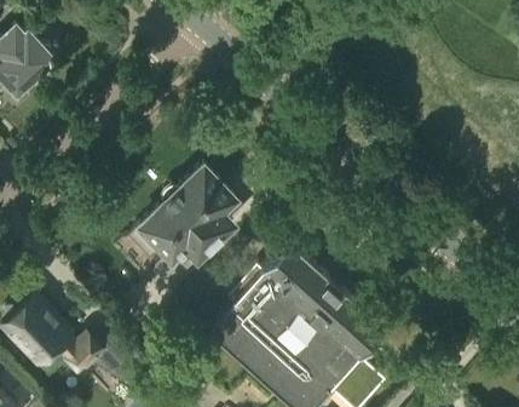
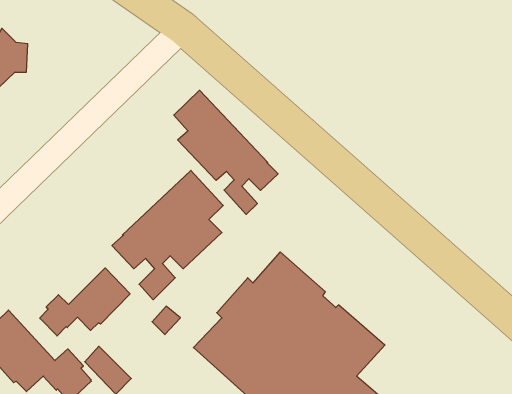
building: none -> [174,90,278,214]
building: none -> [40,268,130,336]

